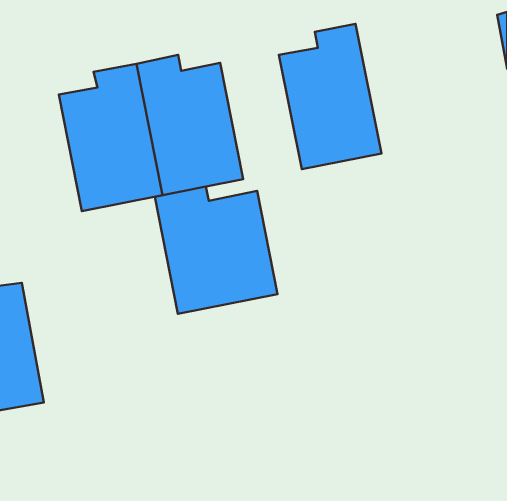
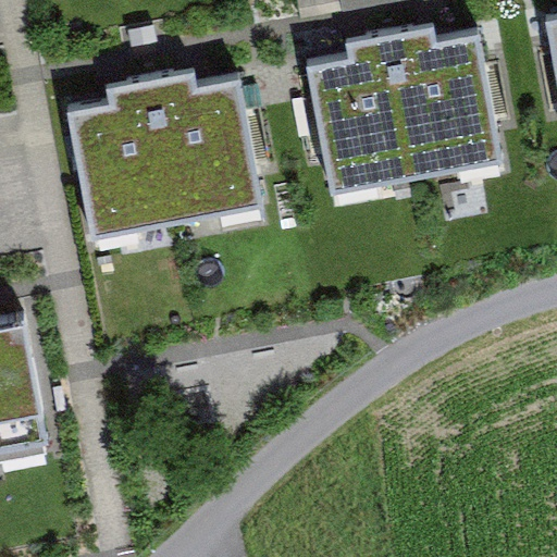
building: none -> [388,25,504,176]
building: [155,187,277,314] -> none

